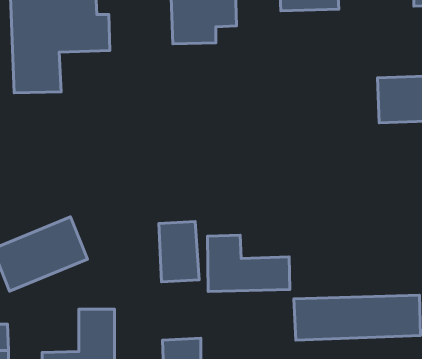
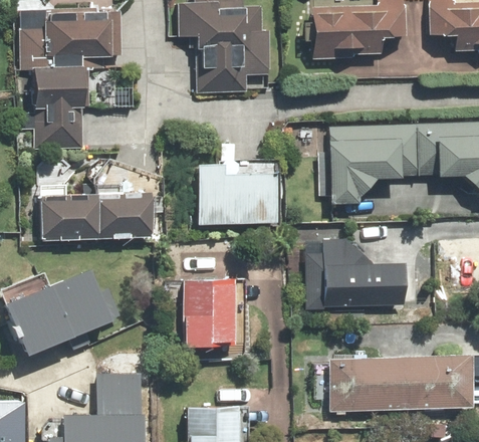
building: none -> [325,128,422,202]
building: none -> [201,164,274,222]
building: none -> [41,198,150,237]
building: [207,235,290,292] -> [310,243,399,303]

